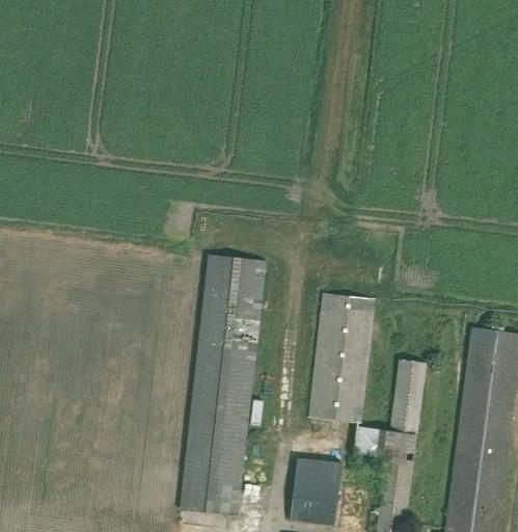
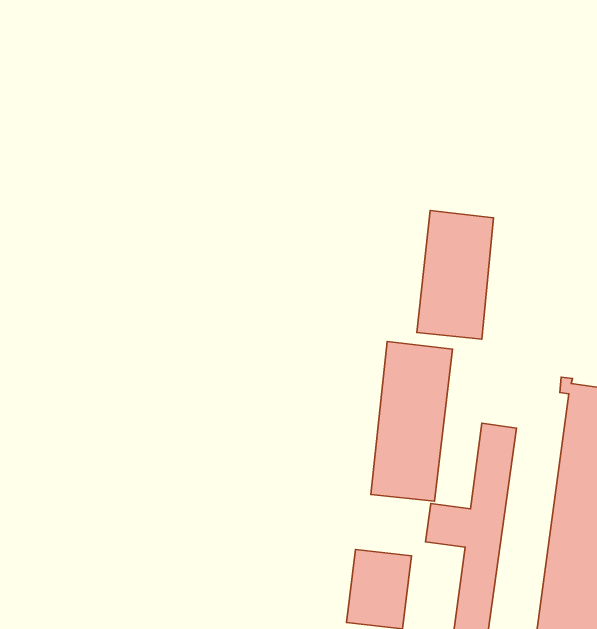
building: none -> [417,210,494,339]
building: [181,255,265,514] -> none

